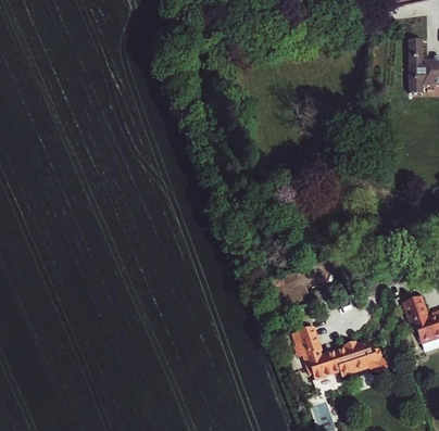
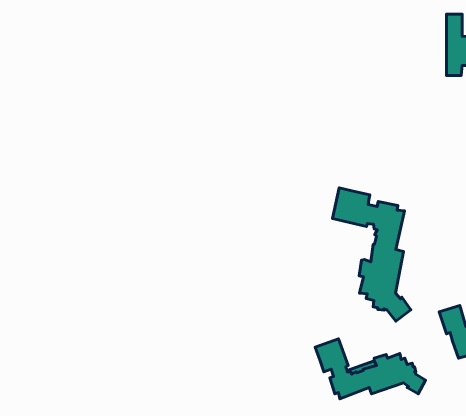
building: none -> [333,188,411,321]

